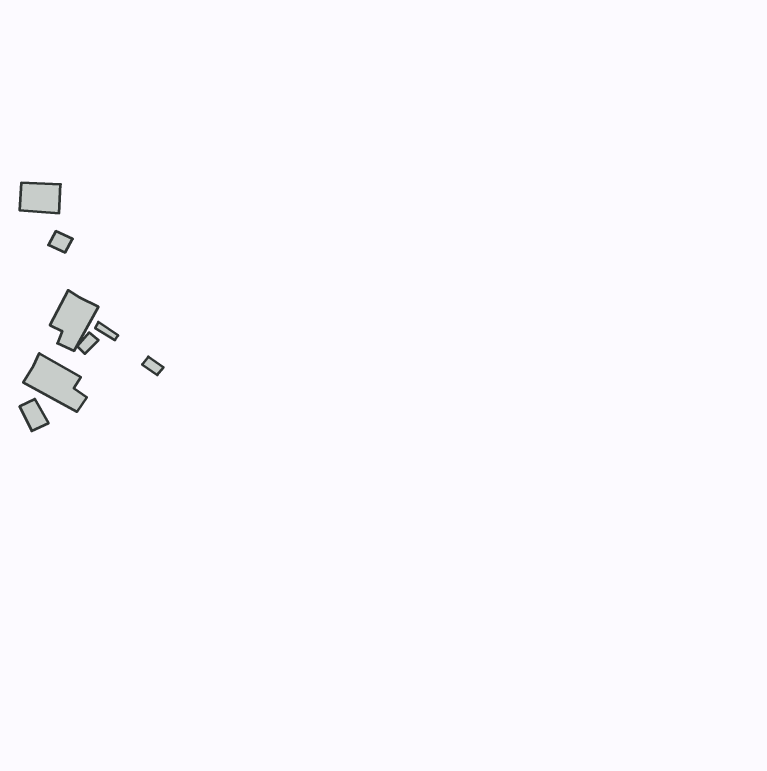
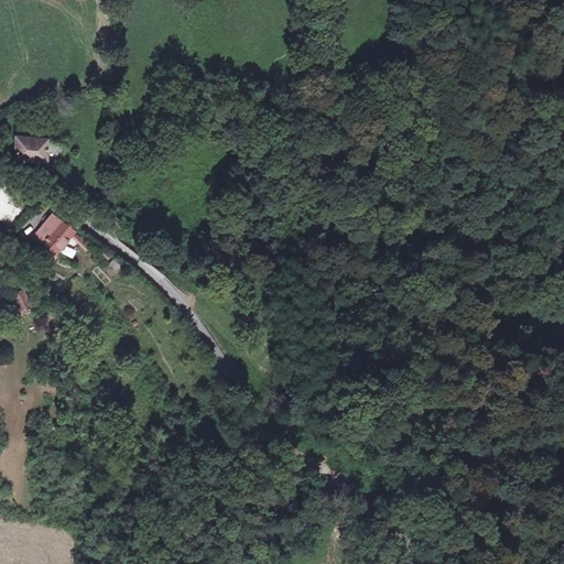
building: [23,353,87,412] -> none

